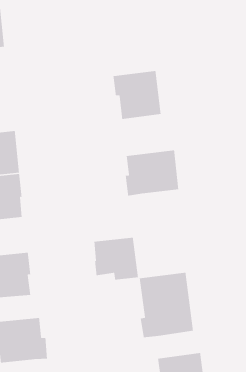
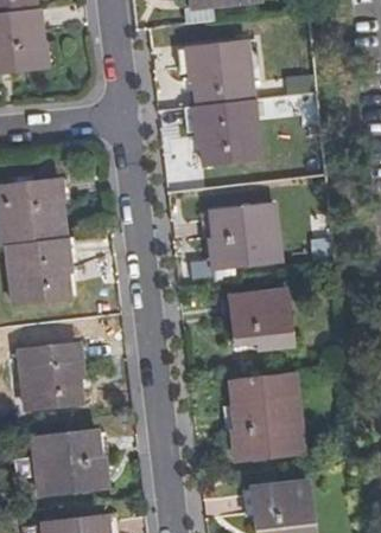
building: none -> [186,39,252,104]
building: [93,237,139,281] -> [231,288,293,347]

